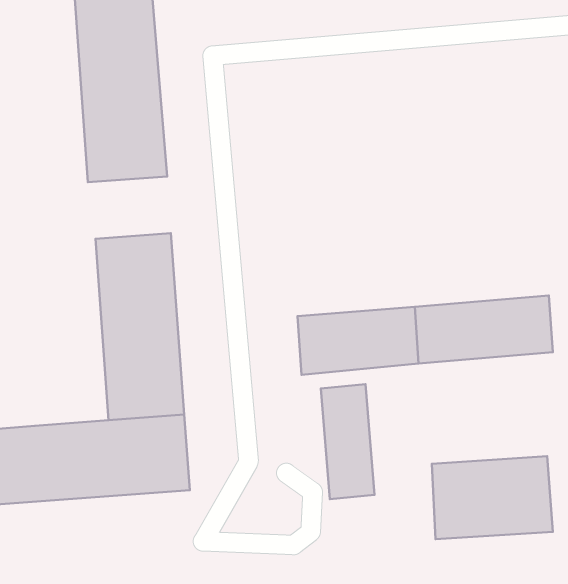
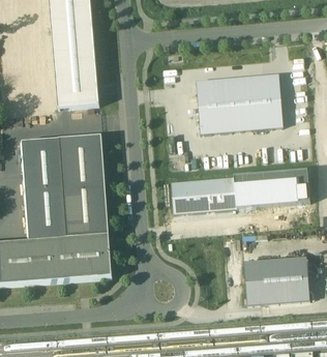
building: none -> [198,73,284,132]
building: none -> [20,138,67,240]
building: [321,384,375,499] -> none

